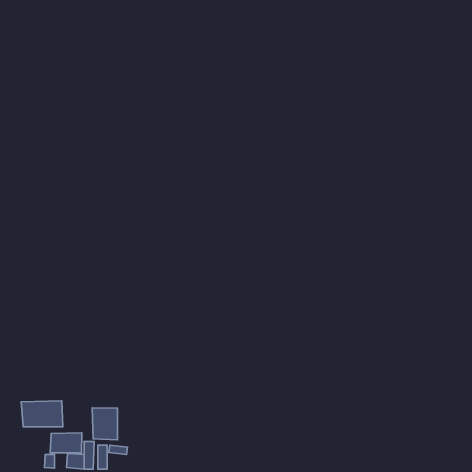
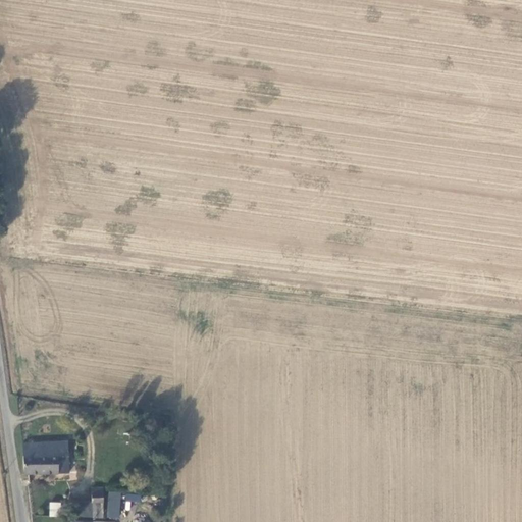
building: [92,408,118,440] -> none
building: [50,433,82,453] -> none

